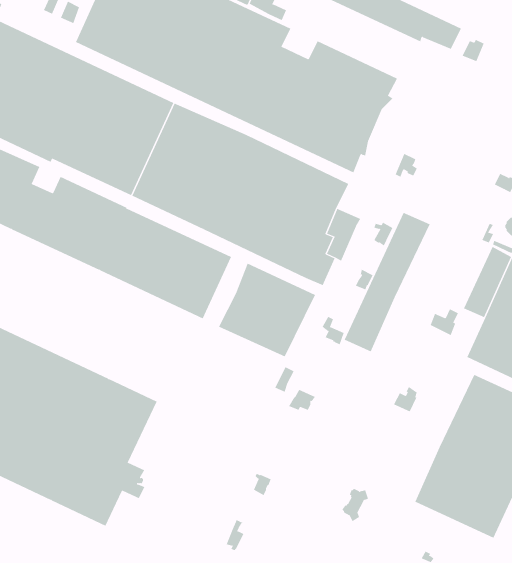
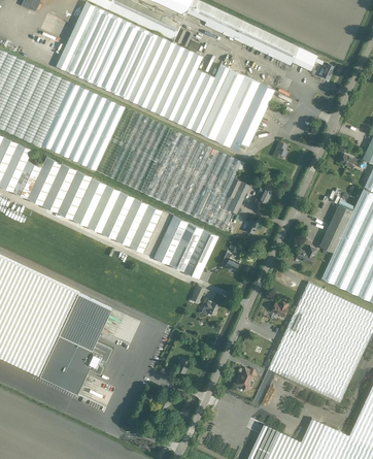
building: [344,212,431,352] -> [268,283,327,378]

